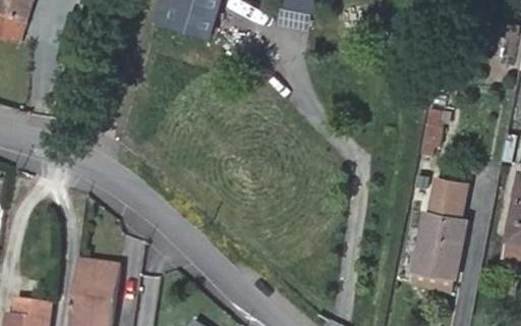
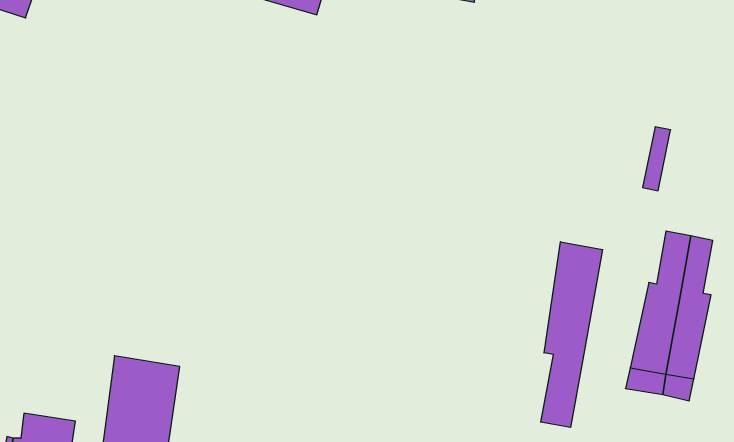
building: none -> [541,242,603,427]

